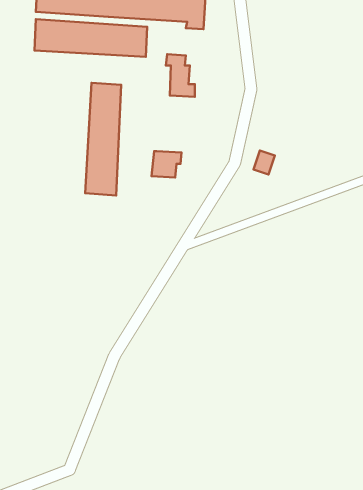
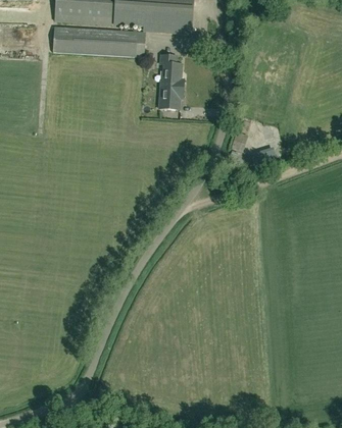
building: [85,83,121,195] -> none
building: [152,151,182,178] -> [159,88,184,109]

